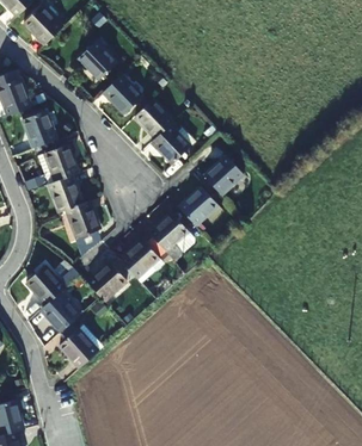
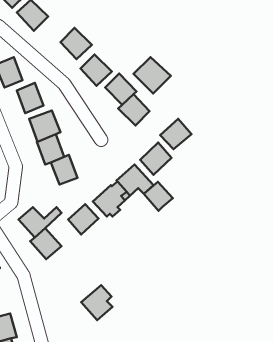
building: none -> [134,57,171,94]
building: none -> [144,182,173,211]
building: [59,324,98,368] -> [81,285,112,320]

